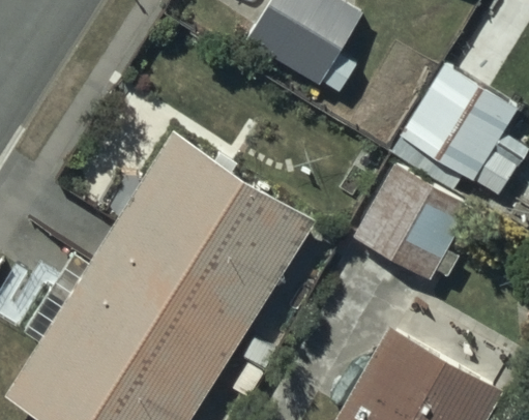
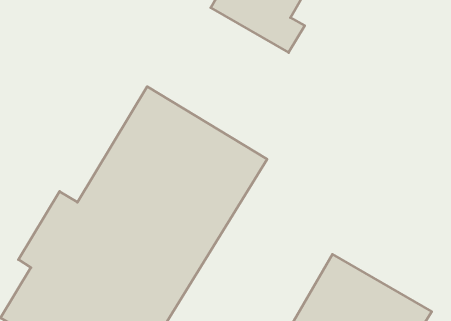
building: [403,65,516,194] -> none
building: [353,162,482,280] -> none

